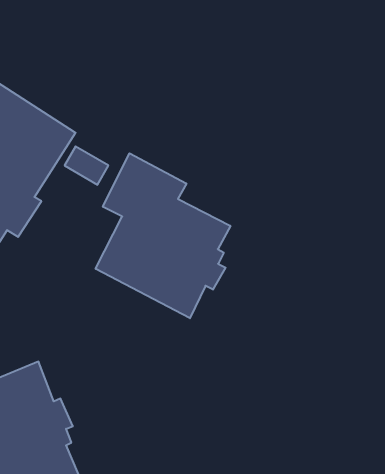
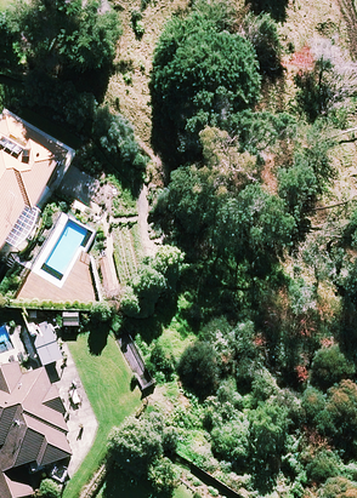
building: [96,153,230,318] -> none

